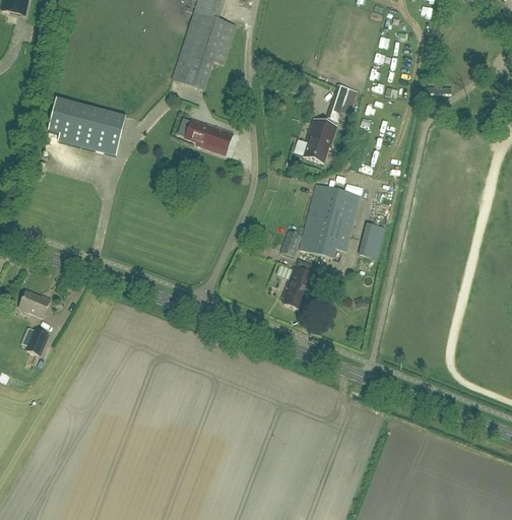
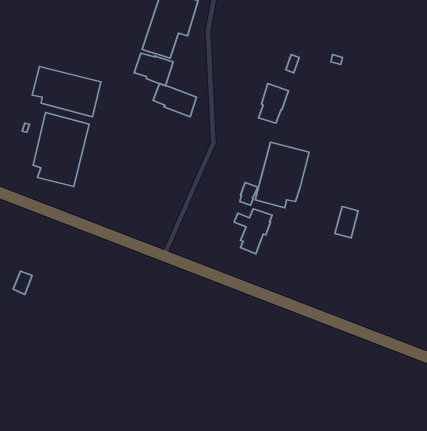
building: none -> [134,53,173,86]
building: none -> [33,113,89,186]
building: [358,222,384,258] -> [335,206,358,238]
building: [19,290,50,316] -> none

